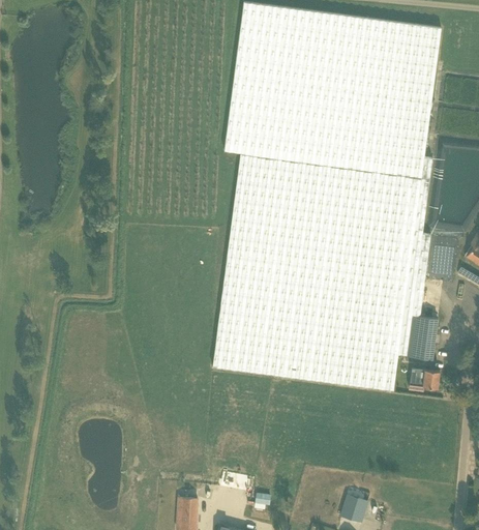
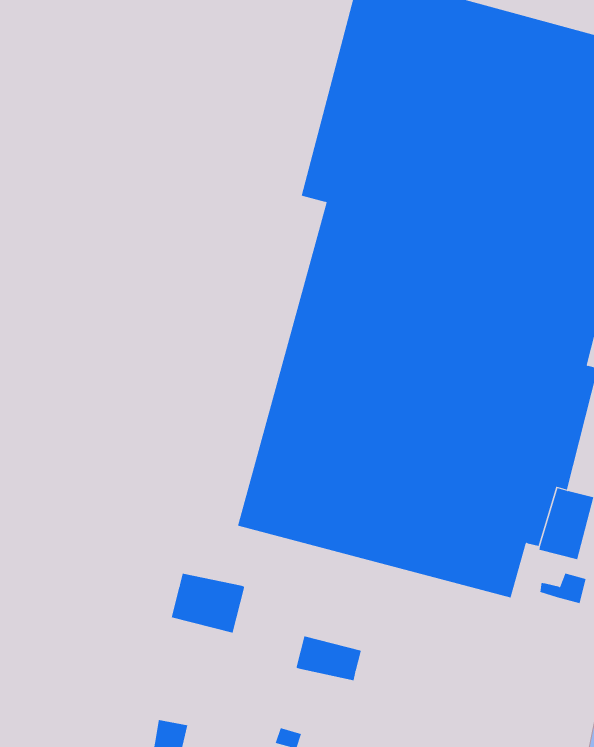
building: none -> [171,573,245,634]
building: none -> [296,636,362,681]

